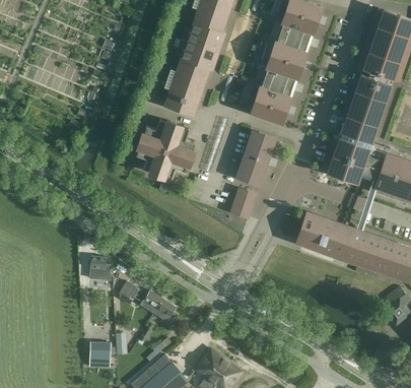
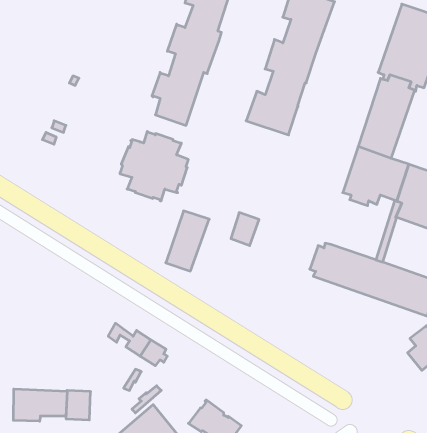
building: [237,132,275,184] -> [166,211,209,271]
building: [89,256,111,280] -> none
building: none -> [13,389,67,421]

